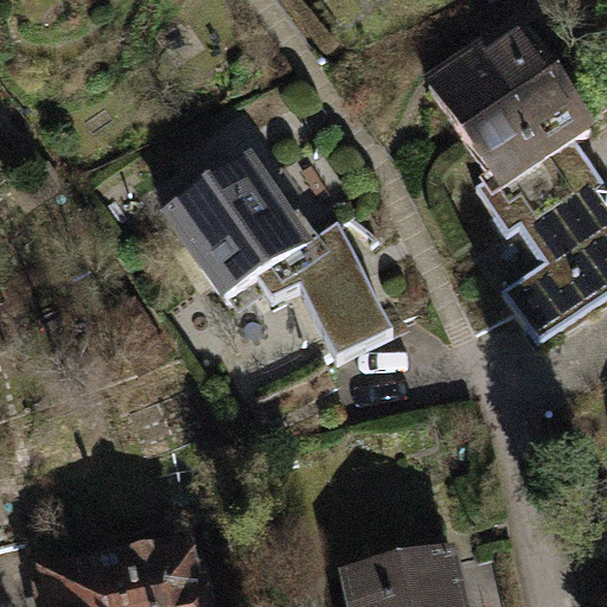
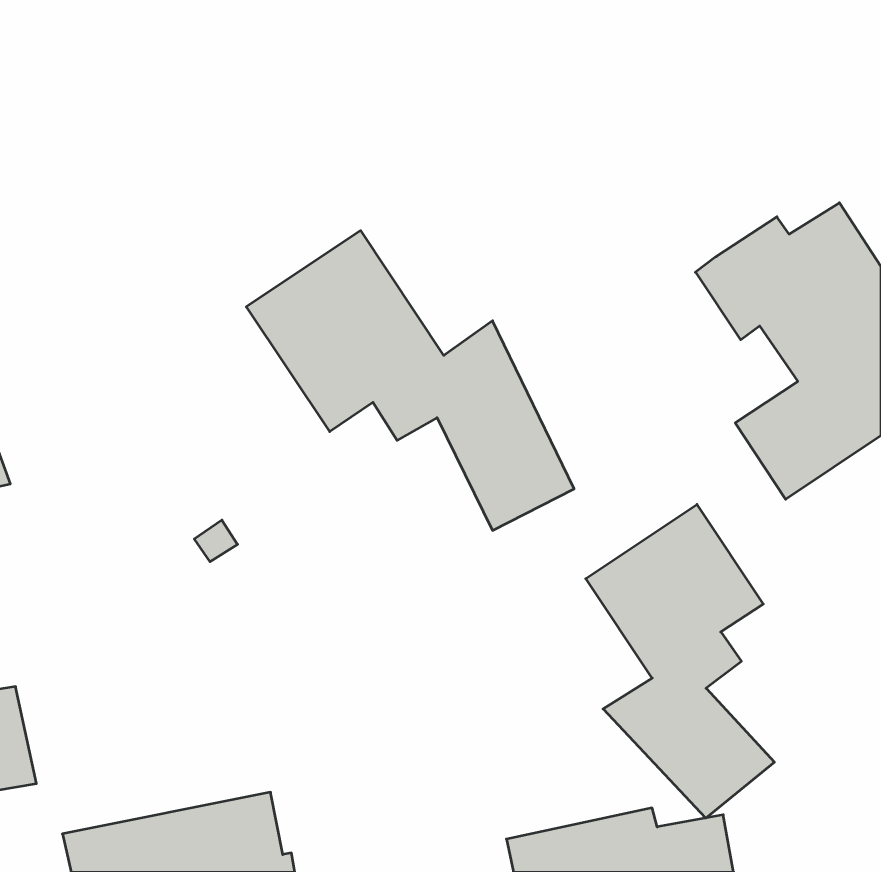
building: [430,28,586,175] -> none
building: none -> [586,504,774,818]

